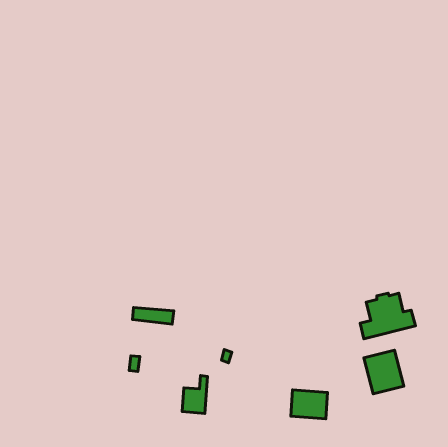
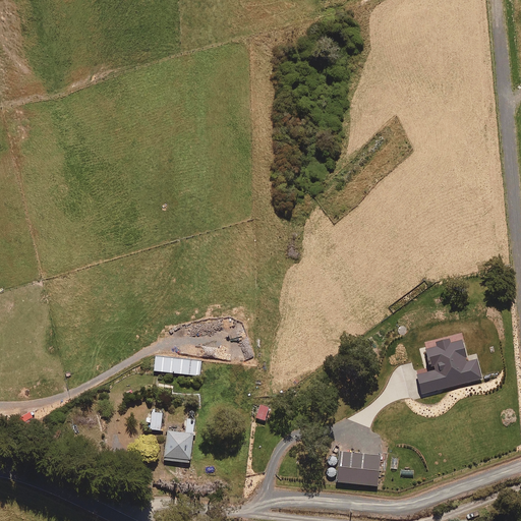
building: [364,350,404,394] -> none
building: [182,376,207,413] -> [165,417,194,461]

